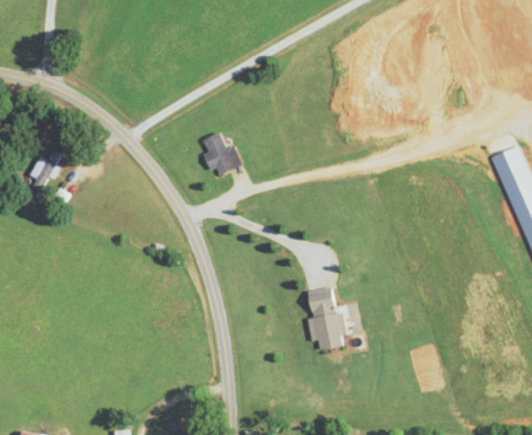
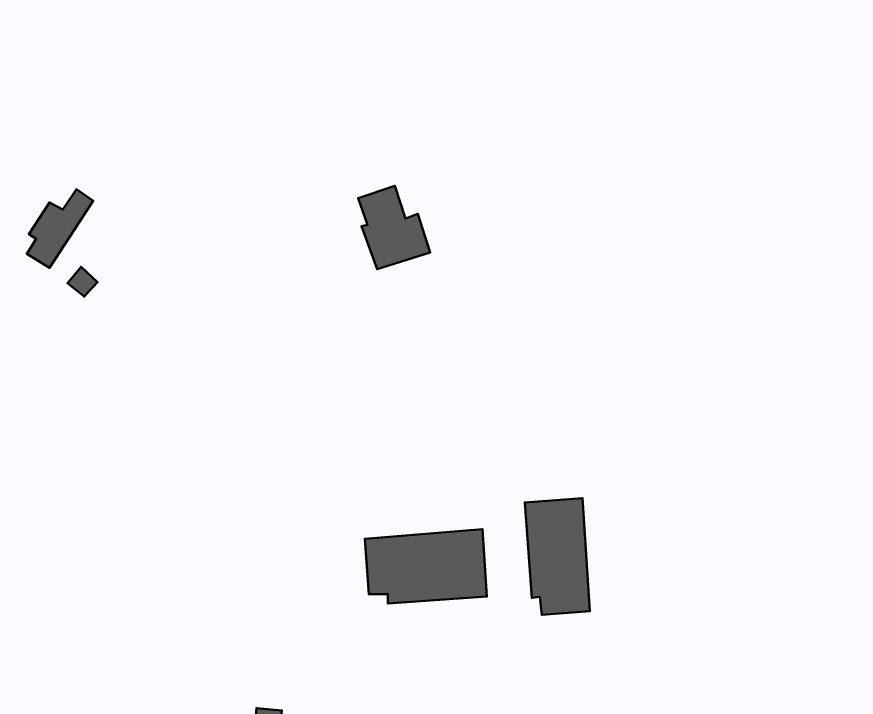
building: none -> [365,529,487,604]

